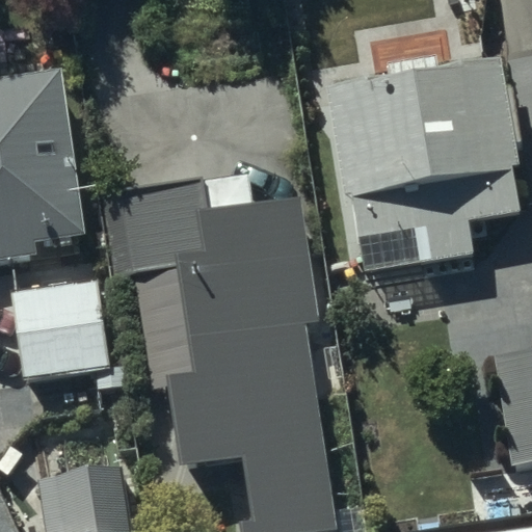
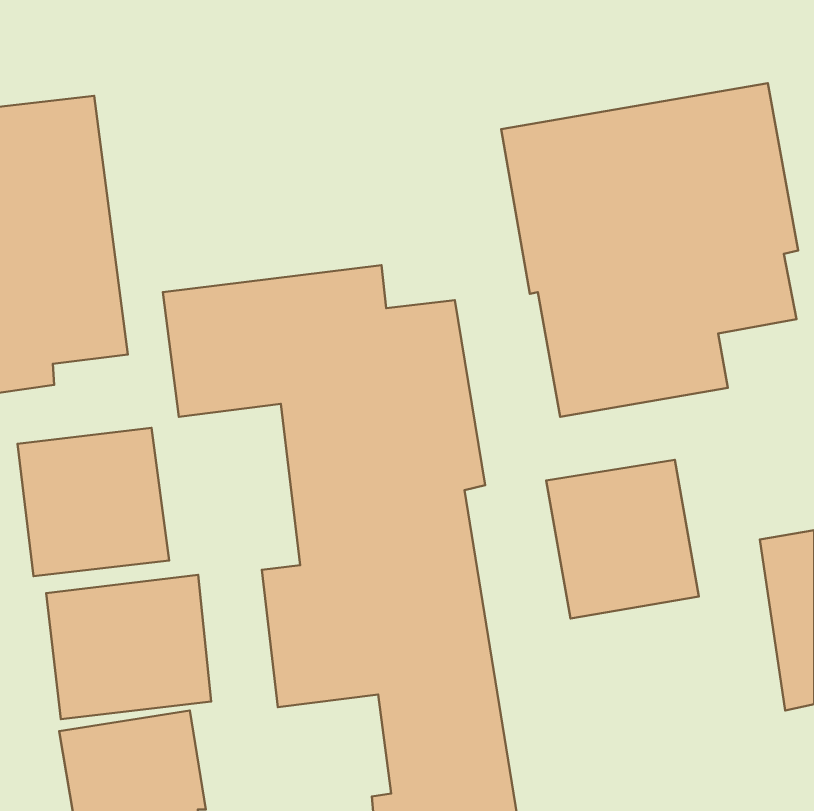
building: none -> [546,460,699,619]
building: none -> [46,575,211,719]

